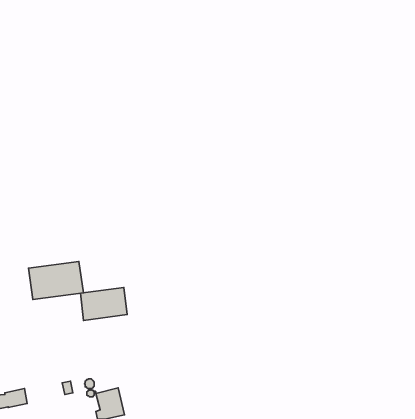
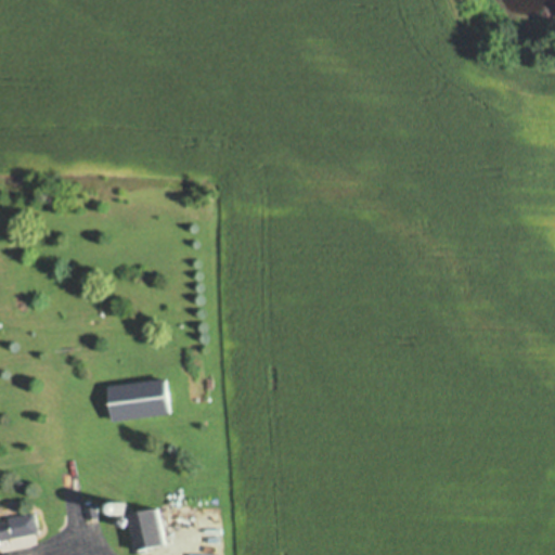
building: [28,262,83,299] -> none

